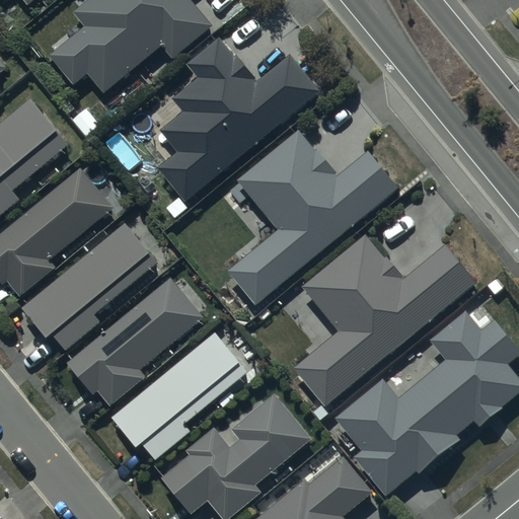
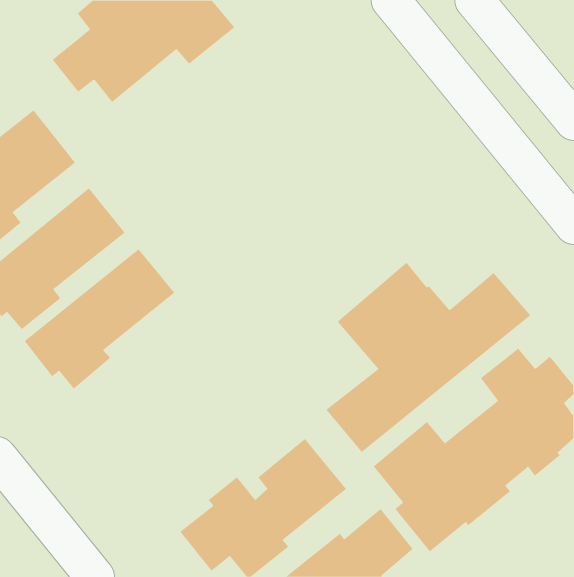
building: [157,40,318,202] -> none
building: [228,130,397,304] -> none
building: [66,277,203,406] -> none
building: [109,332,246,460] -> none

